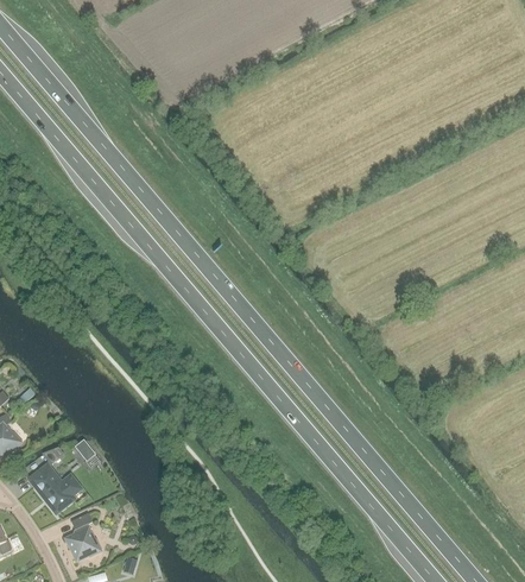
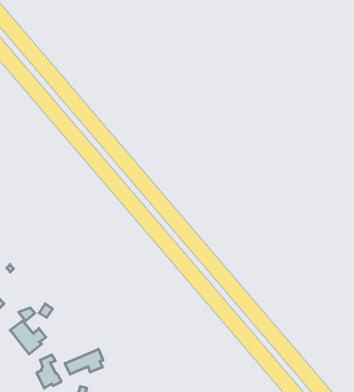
building: none -> [65,349,103,374]

